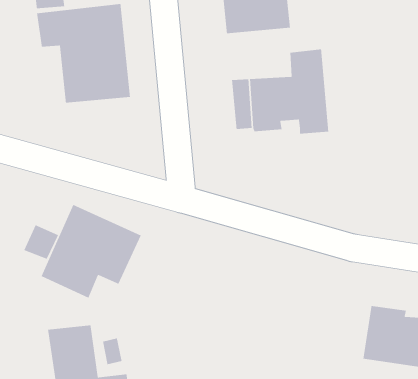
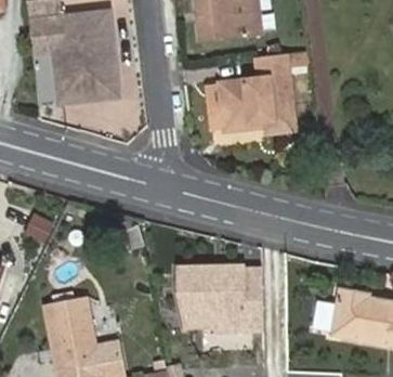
building: [40,204,142,299] -> none
building: none -> [182,265,265,333]

